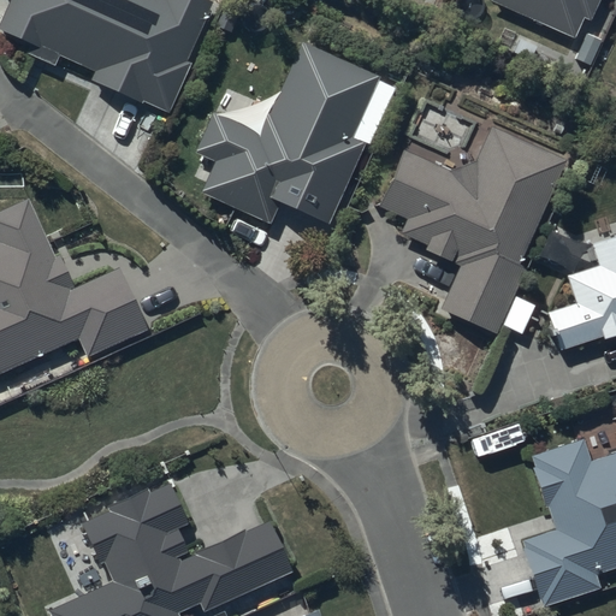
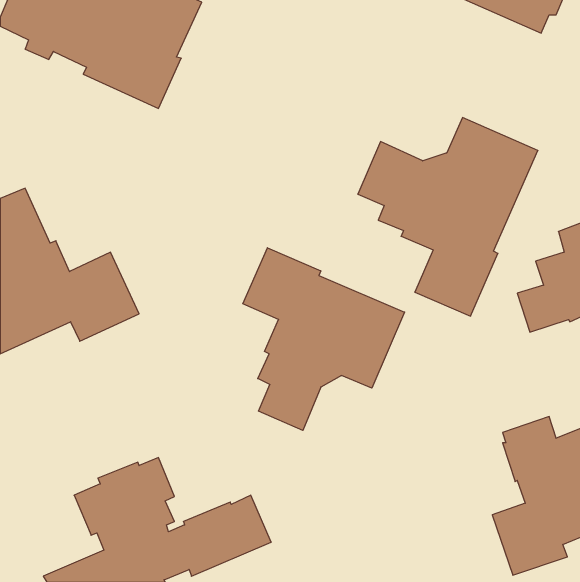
building: [194,42,379,223] -> none
building: none -> [243,248,405,430]

